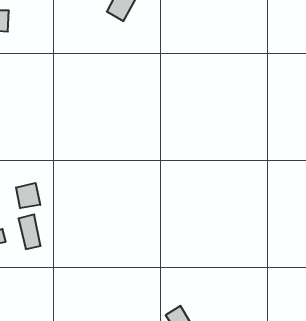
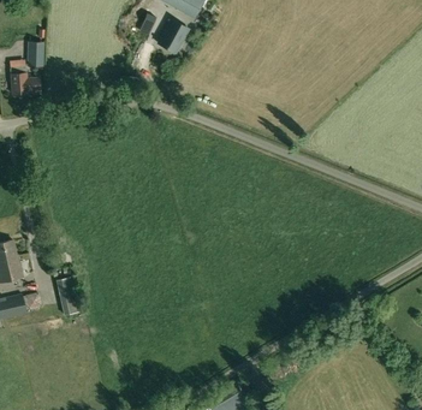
building: [16,183,40,208] -> none

